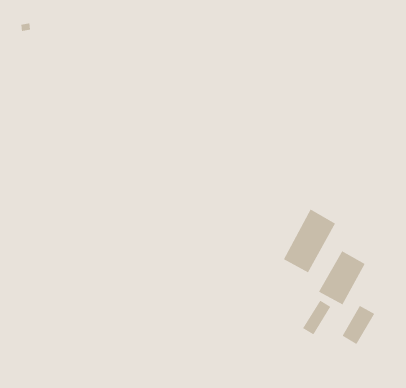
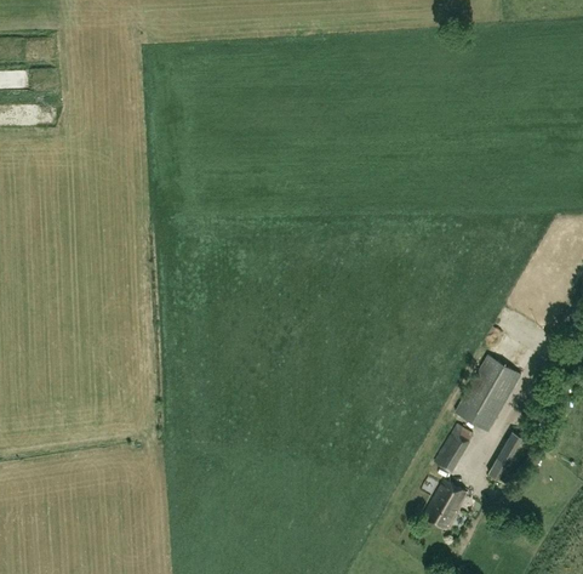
building: [283,208,336,273] -> none
building: none -> [421,481,467,530]

